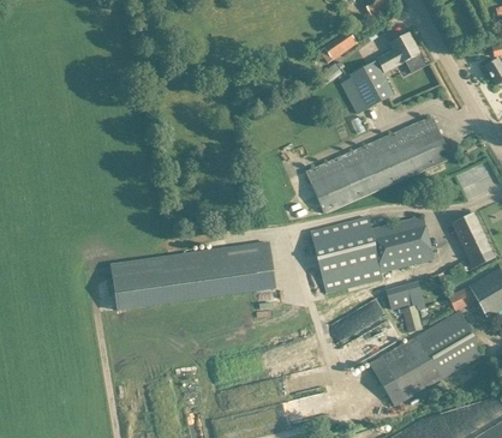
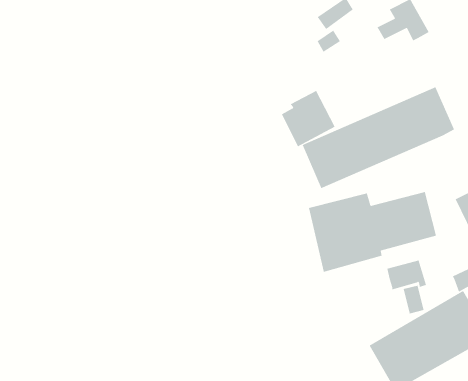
building: [342,59,394,113] -> [281,90,335,147]
building: [112,240,276,311] -> none
building: [329,301,384,338] -> none

